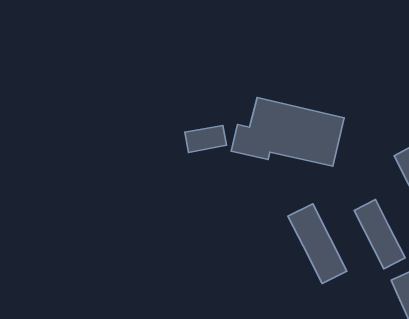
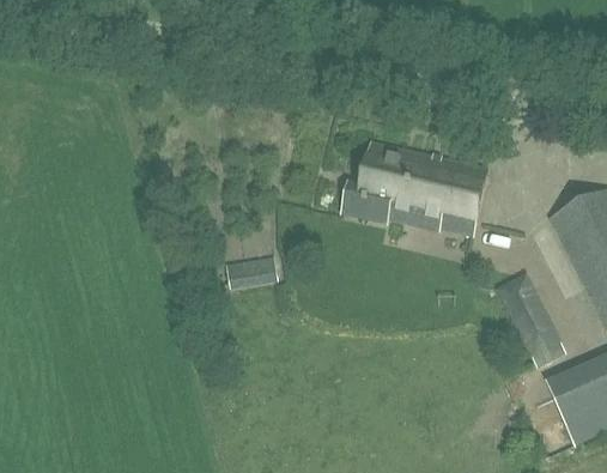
building: [185,126,227,152] -> [225,254,279,289]
building: [288,204,347,283] -> none

